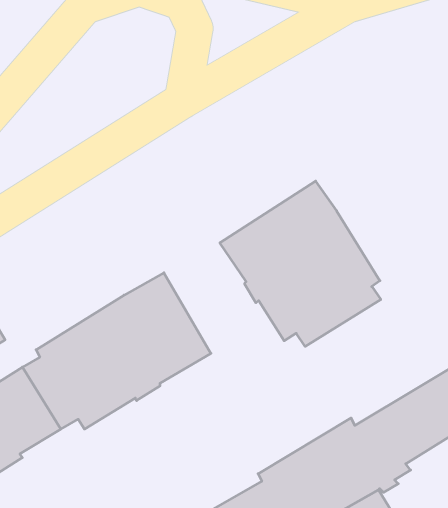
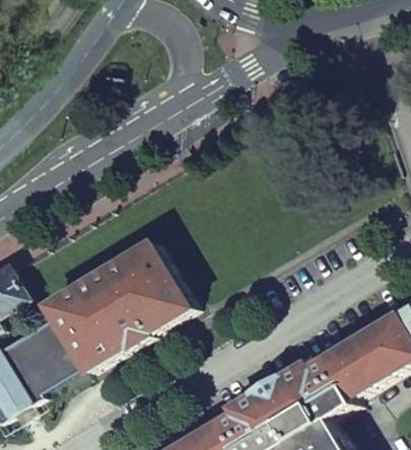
building: [220,181,381,346] -> none

